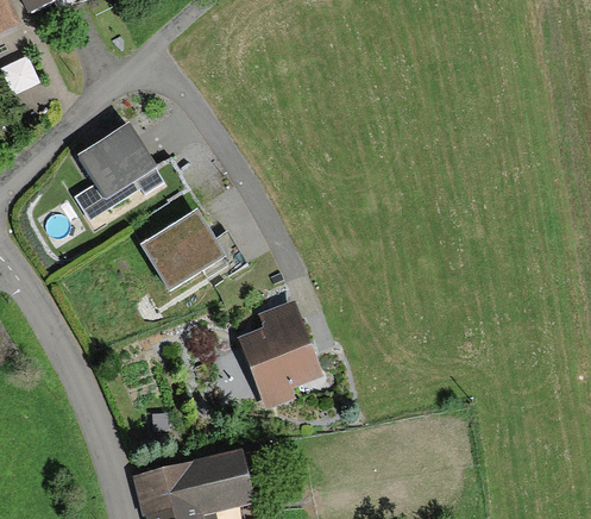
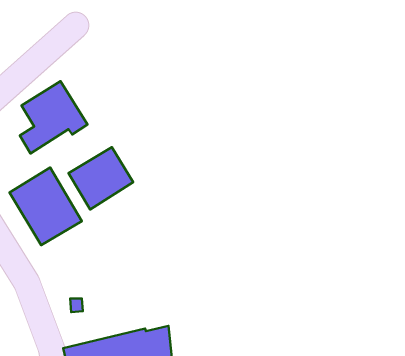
building: none -> [9,168,82,245]
building: [237,299,322,408] -> none

